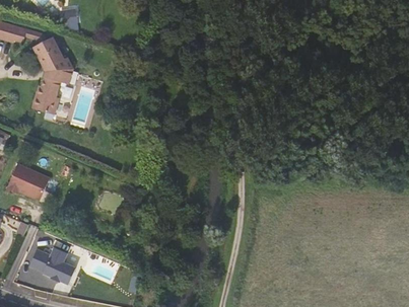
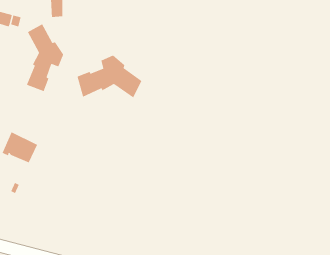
building: none -> [76,54,142,99]
building: [27,246,74,283] -> none

